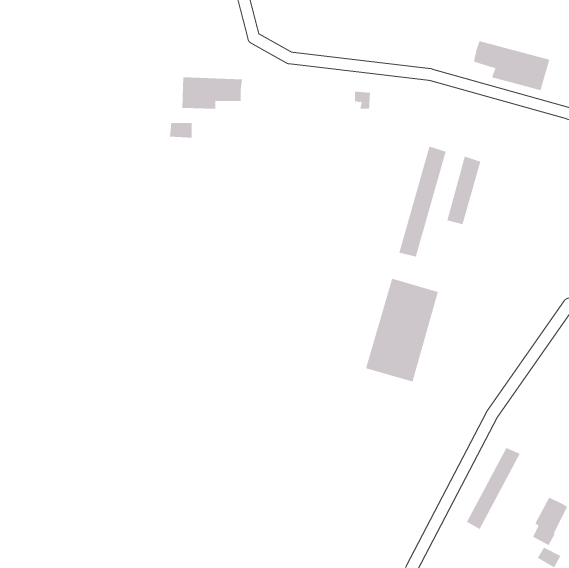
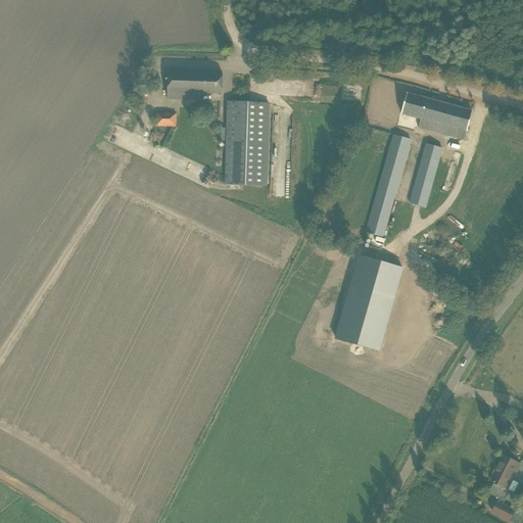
building: [473,41,550,91] -> [401,93,472,139]
building: none -> [225,101,269,185]
building: [466,447,521,530] -> none

